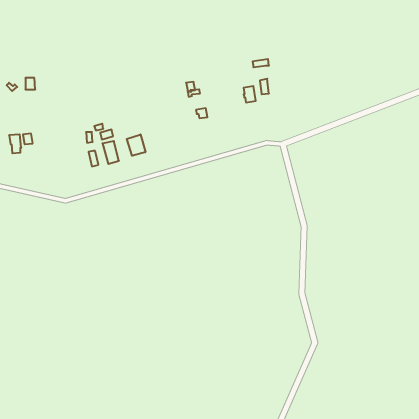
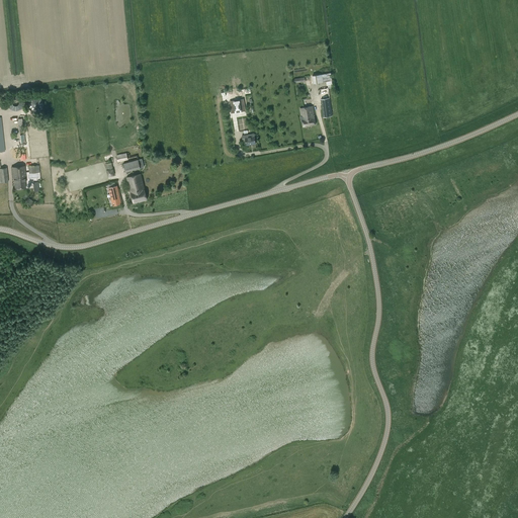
building: [127,134,145,156] -> none

